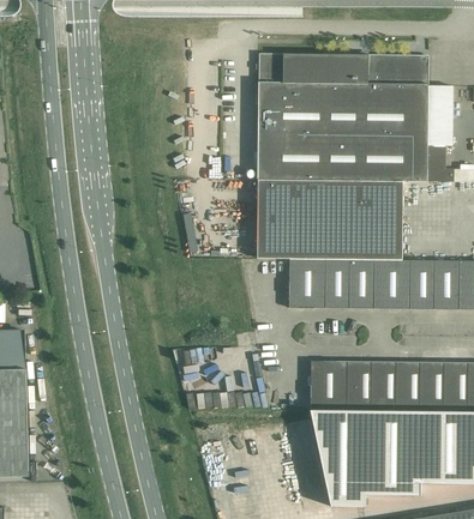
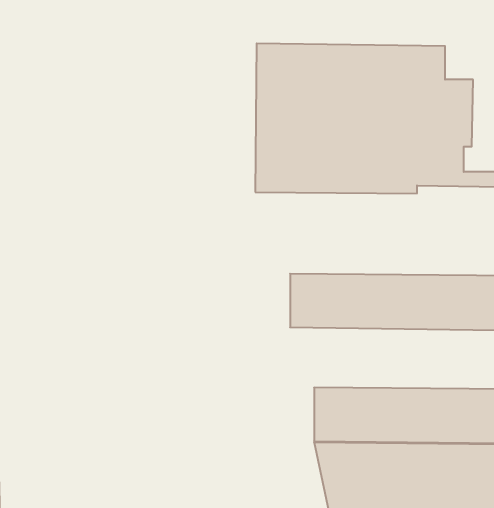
building: [256,186,402,259] -> none

